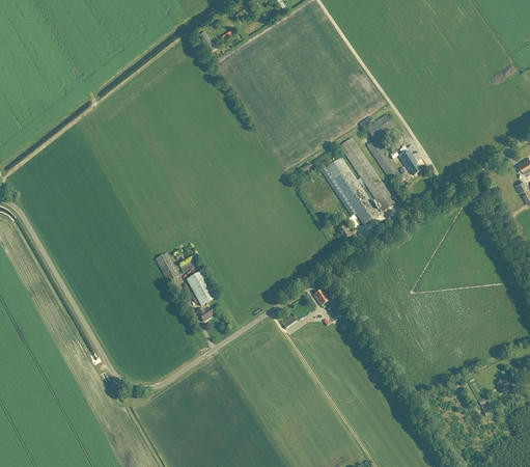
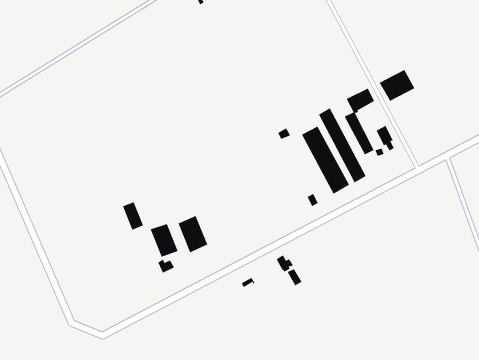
building: none -> [379,69,415,102]
building: none -> [178,215,208,253]

